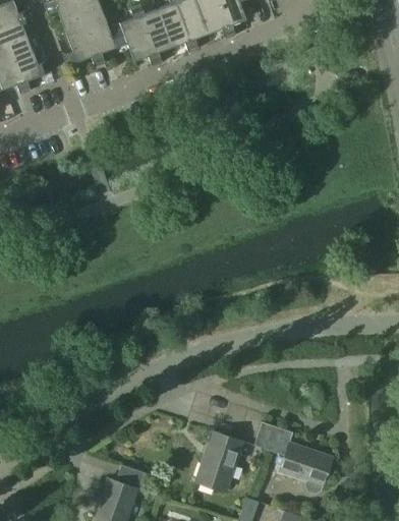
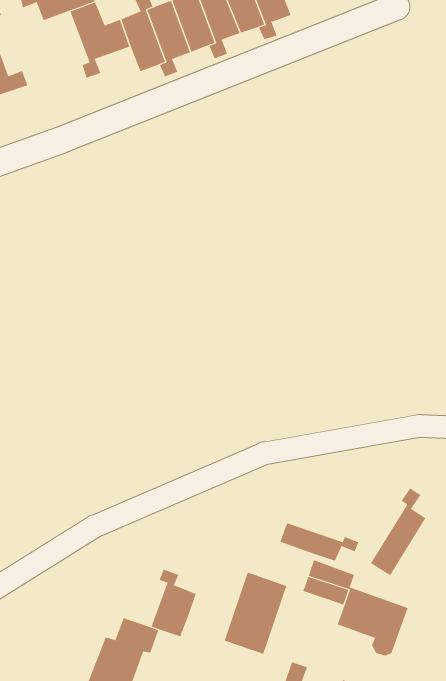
building: [62,16,96,65] -> none
building: none -> [370,487,426,576]
building: none -> [280,522,359,561]
building: none -> [151,569,196,637]

